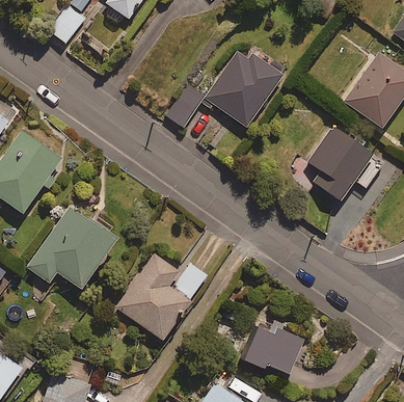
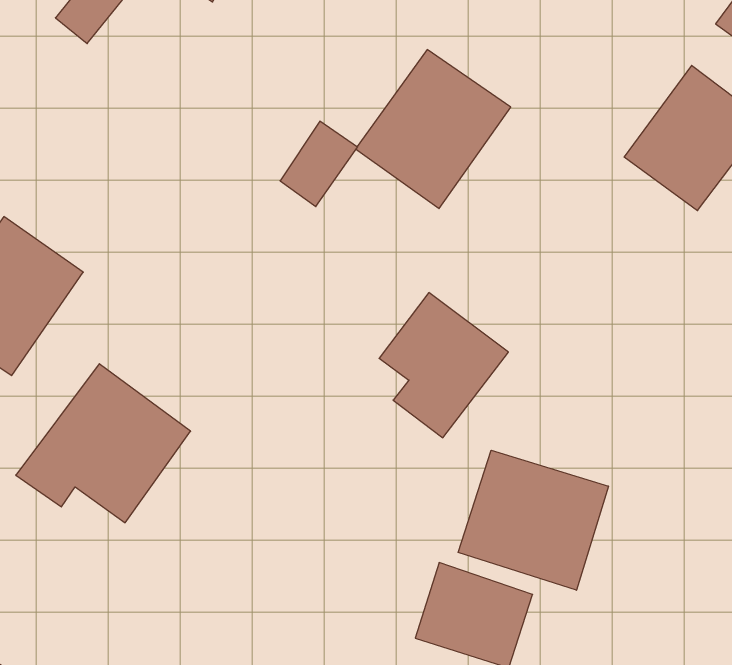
building: [307,128,375,204] -> [379,293,508,438]
building: [116,252,192,343] -> none
building: none -> [458,450,608,590]

